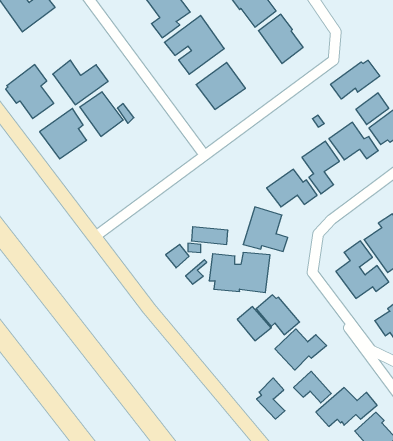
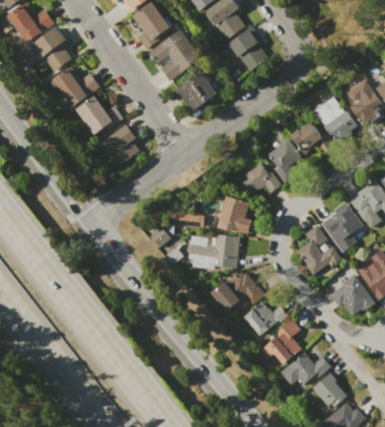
building: [331,60,380,99] -> none
building: [6,65,54,119] -> [30,25,72,72]
building: [40,108,87,159] -> [98,124,139,167]
building: [257,378,285,419] -> [277,318,301,354]

